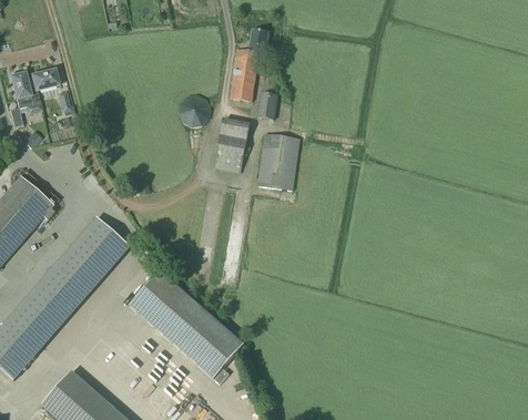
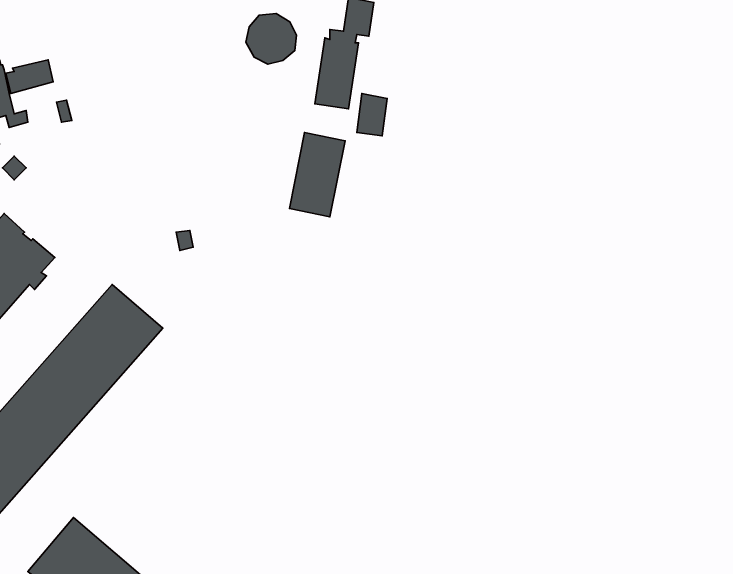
building: [177,94,211,127] -> [246,13,296,64]
building: [257,133,299,191] -> none
building: [129,270,244,379] -> none

